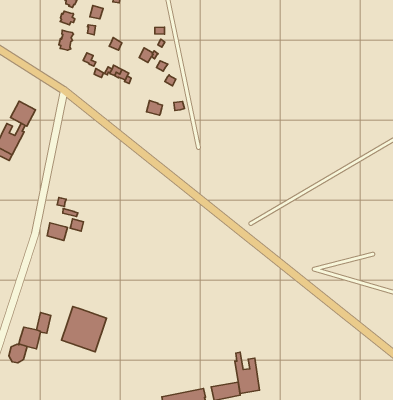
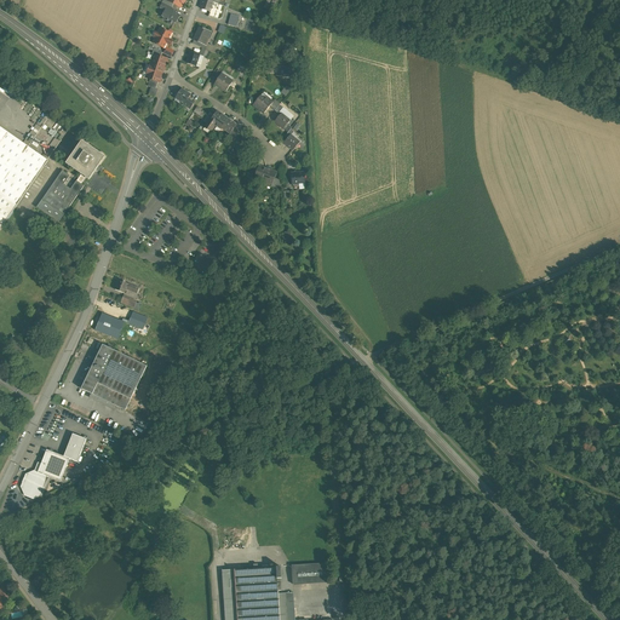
building: [61,307,107,352] -> [80,344,145,409]
building: [235,352,260,394] -> none

